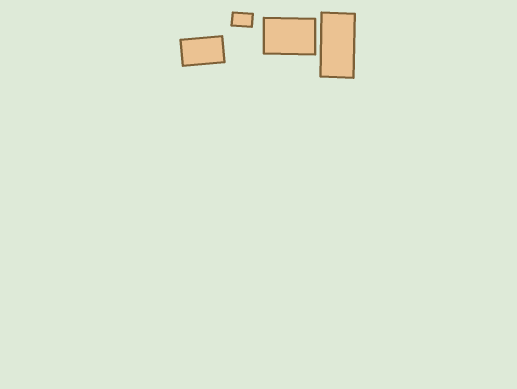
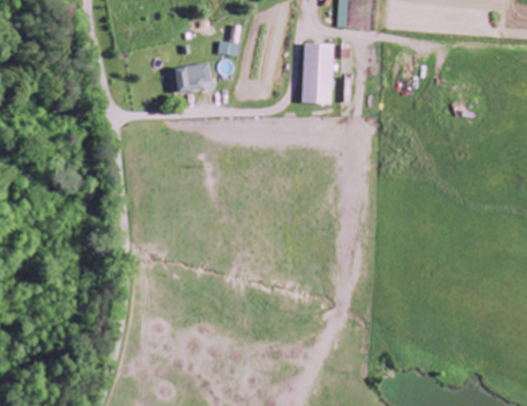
building: [264,18,315,54] -> none

